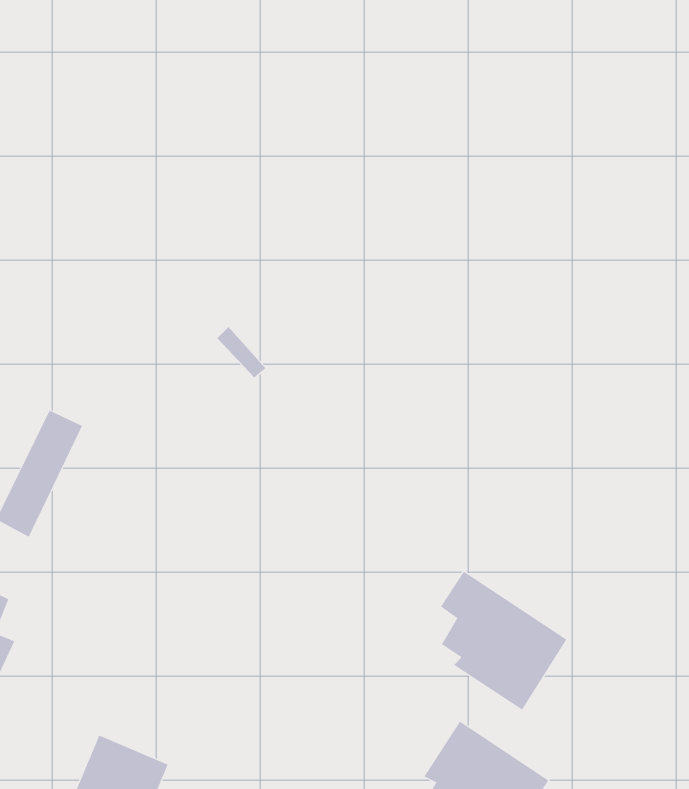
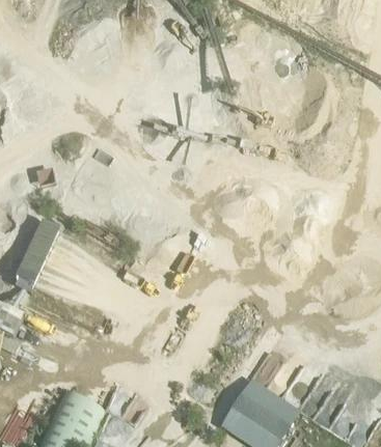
building: [440,571,567,711] -> none

